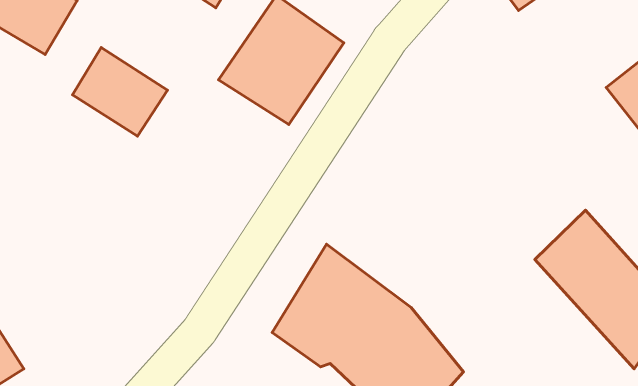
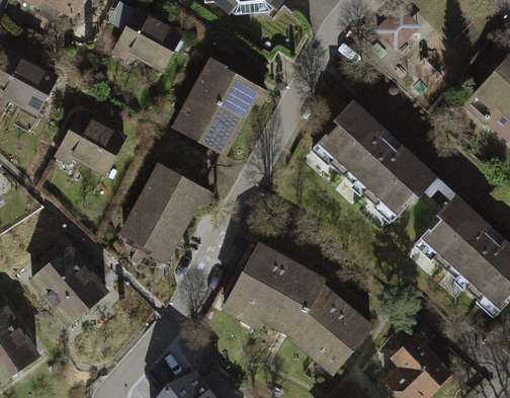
building: none -> [317,105,436,217]
building: none -> [117,164,206,264]
building: none -> [33,247,113,326]

